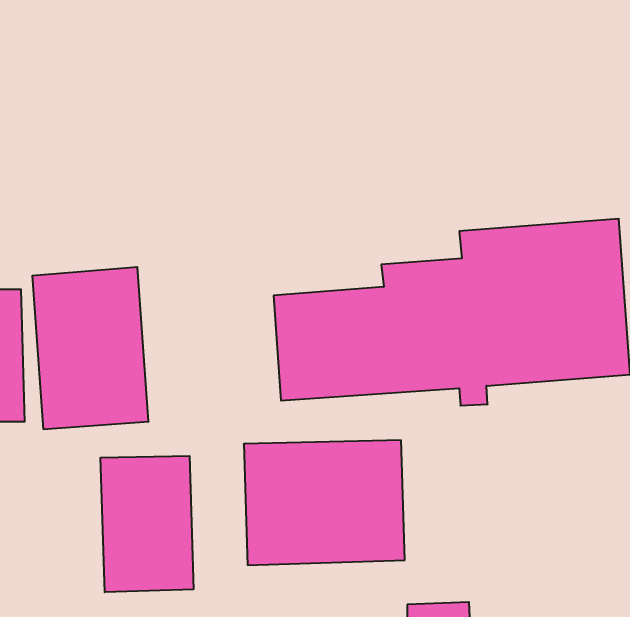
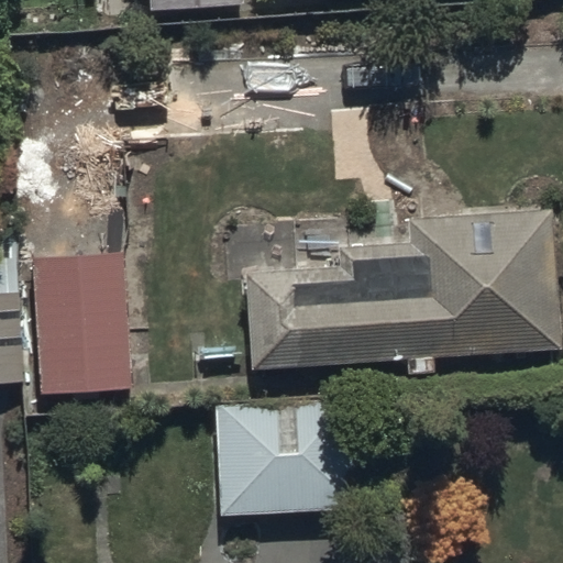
building: [101,456,193,592] -> none

